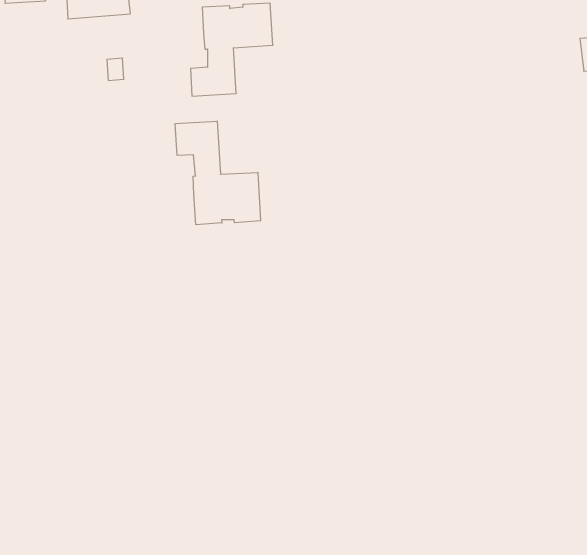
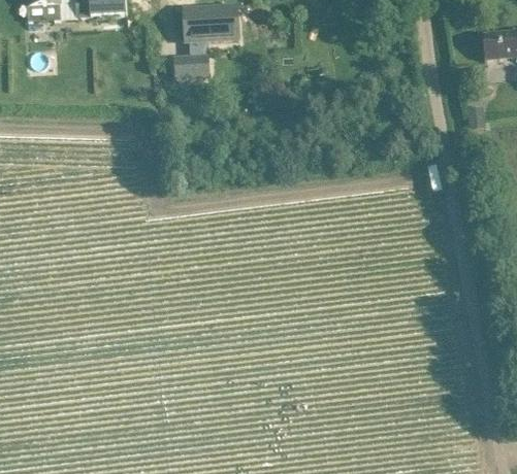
building: [175,121,260,225] -> none

